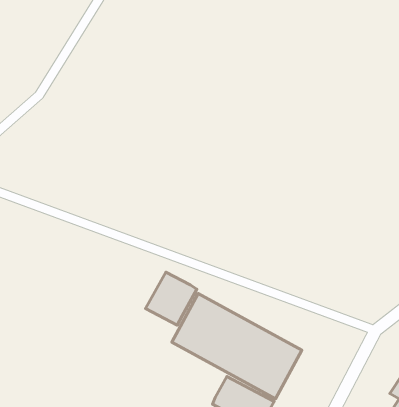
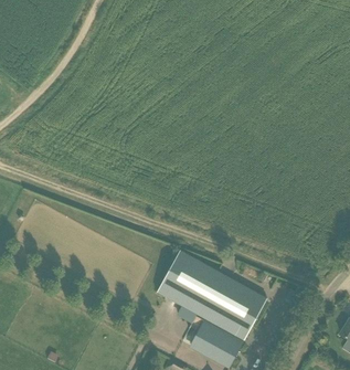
building: [145,272,197,325] -> none

